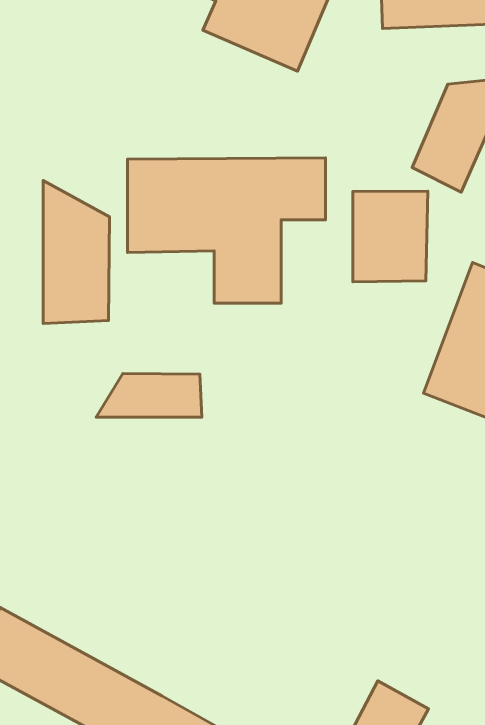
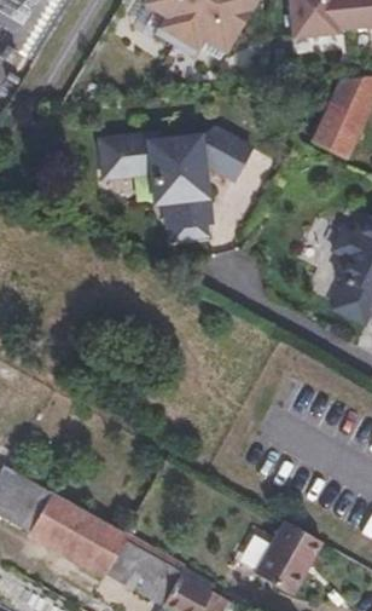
building: [43,180,109,323] -> none
building: [353,191,428,282] -> none
building: [96,374,202,417] -> none

